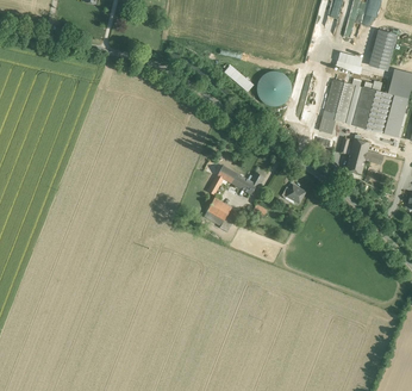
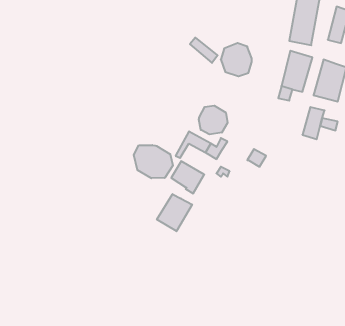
building: none -> [199,106,227,134]
building: none -> [134,145,173,178]
building: none -> [157,194,192,231]

